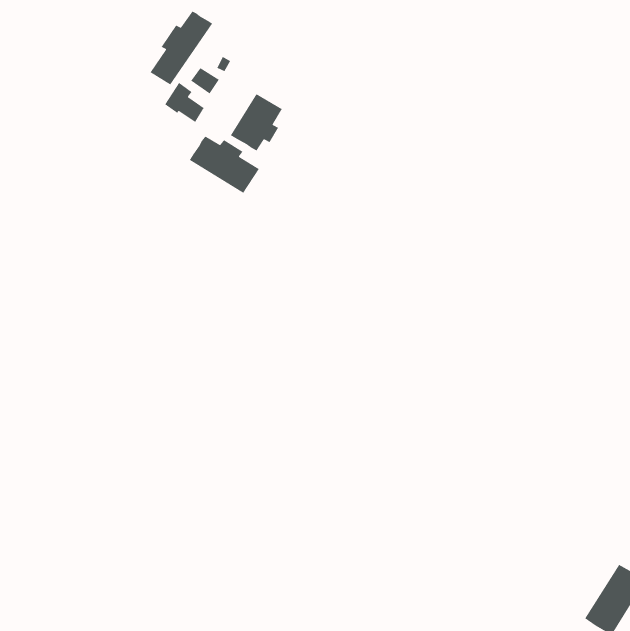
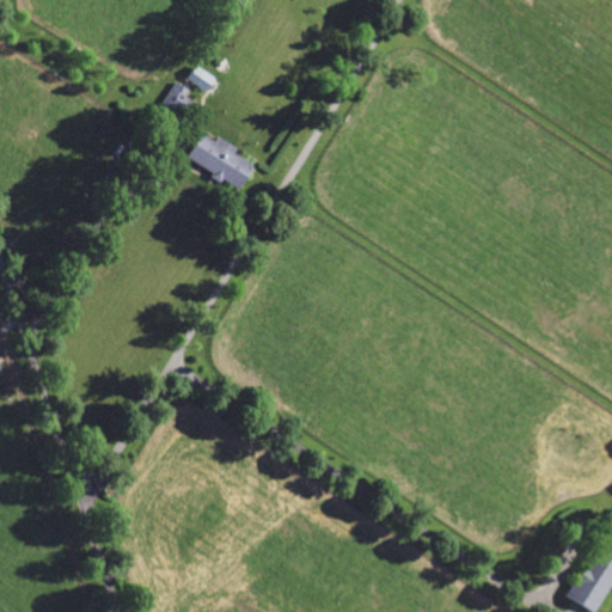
building: [150,10,213,86] -> none
building: [230,93,283,151] -> none

